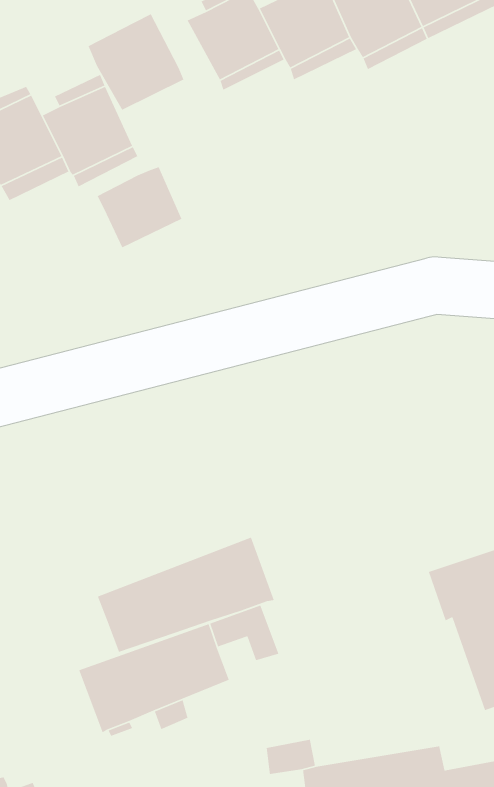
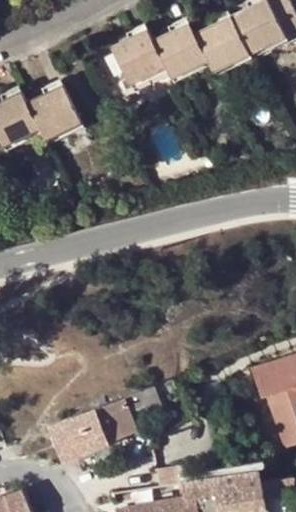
building: [88,13,185,111] -> none
building: [96,166,182,249] -> none
building: [97,536,275,653] -> none

